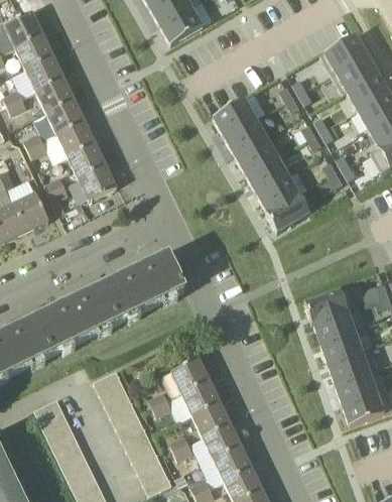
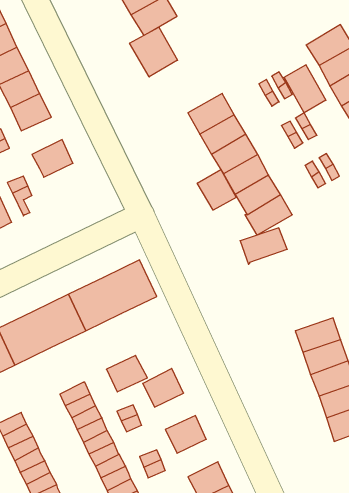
building: none -> [130,27,178,77]
building: none -> [284,65,326,113]
building: [56,120,95,155] -> none
building: [78,163,116,200] -> none
building: none -> [197,170,236,210]
building: [304,288,349,323] -> [240,228,287,264]
building: [181,379,220,413] -> [106,355,147,392]
building: [203,422,241,458] -> none

